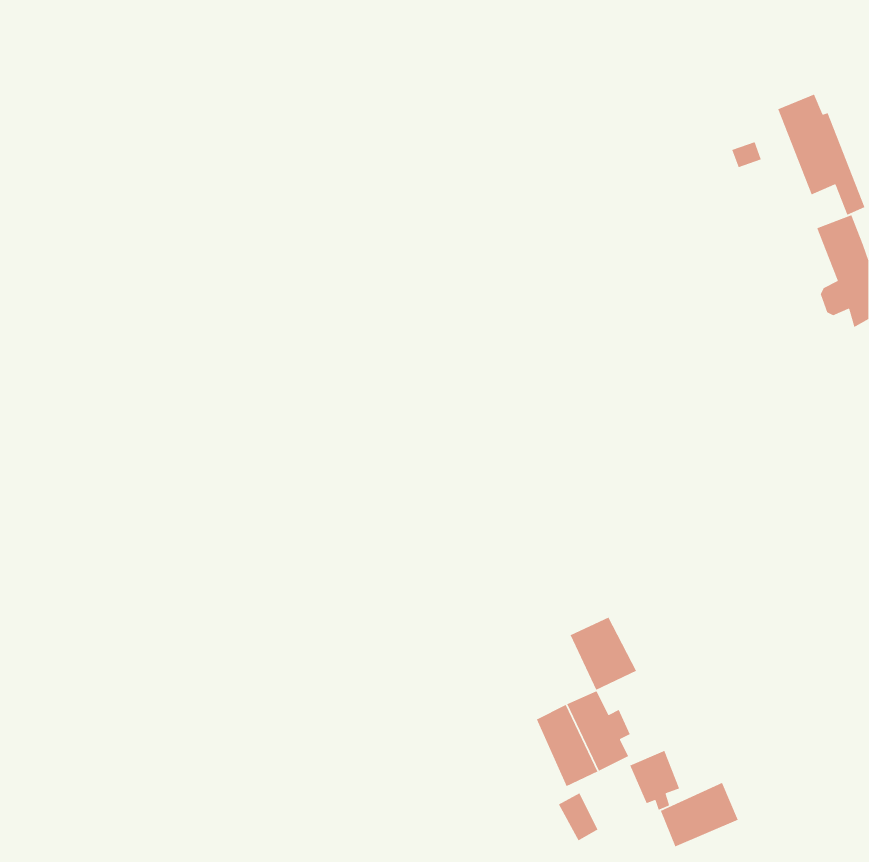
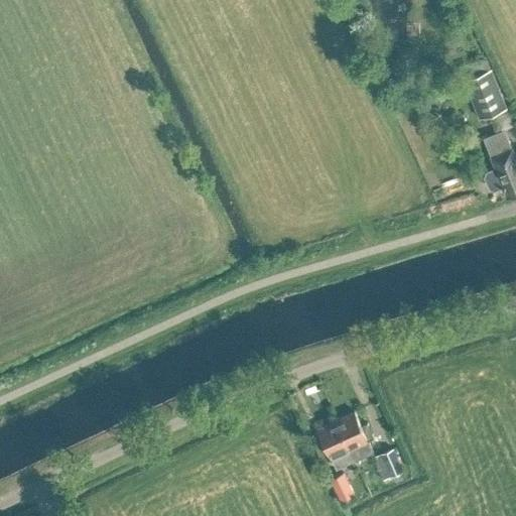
building: [569,617,637,691] -> none
building: [660,782,739,848] -> none

